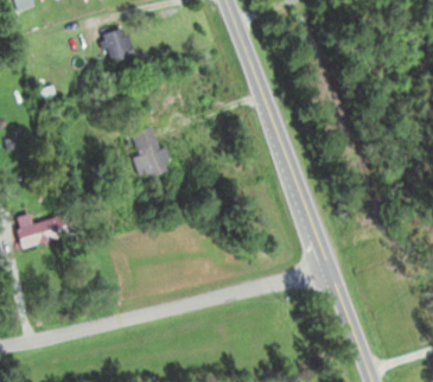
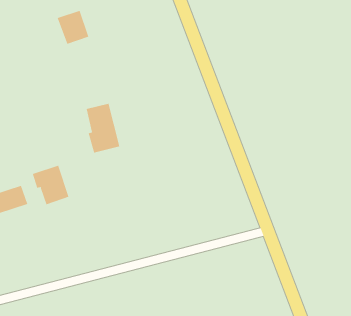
building: none -> [32,165,69,205]

